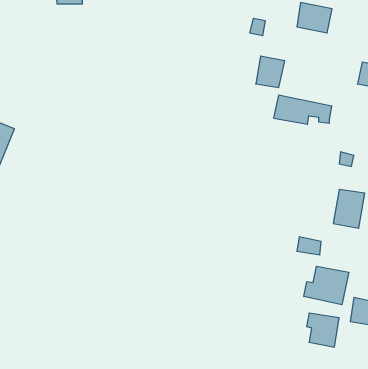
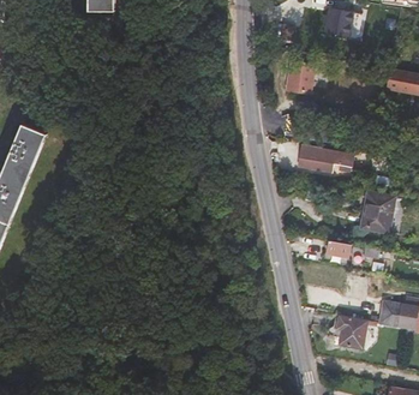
building: [274,95,332,124] -> [297,144,354,173]
building: [304,266,349,305] -> none

